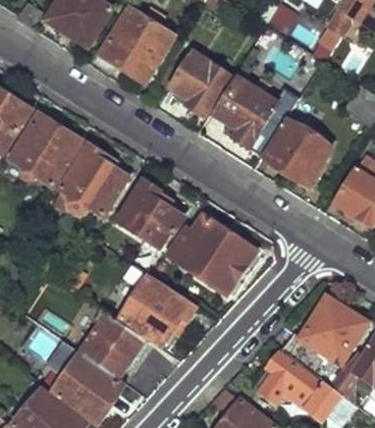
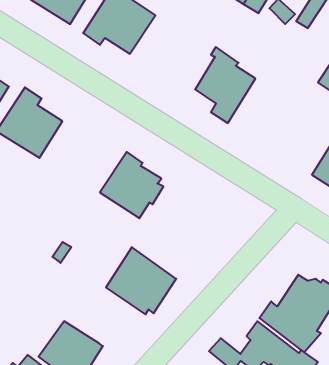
building: [169,52,228,116] -> none
building: [265,106,330,189] -> none
building: [59,144,127,214] -> none
building: [169,214,257,295] -> none
building: [79,314,146,375] -> none

